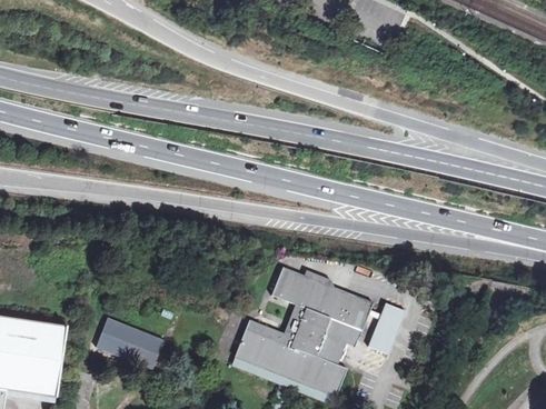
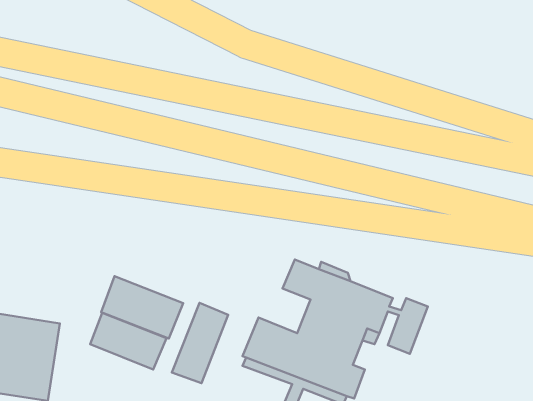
building: none -> [101,276,183,339]
building: none -> [172,303,228,383]

